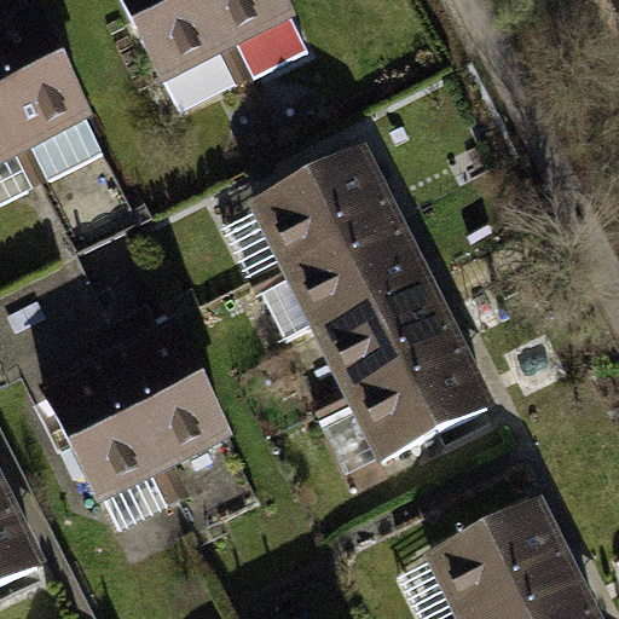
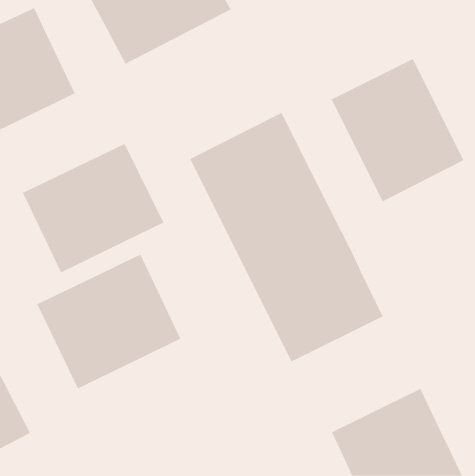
building: none -> [331,58,464,202]
building: none -> [22,143,164,273]

